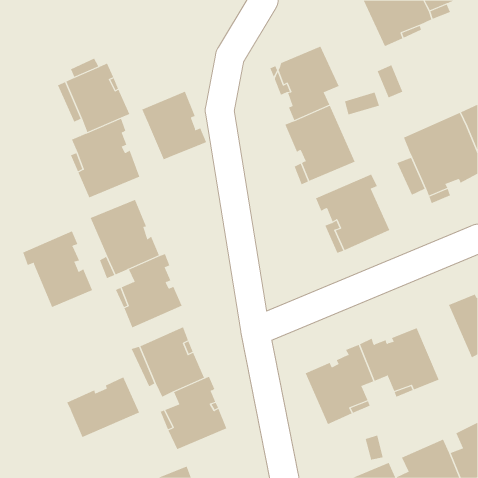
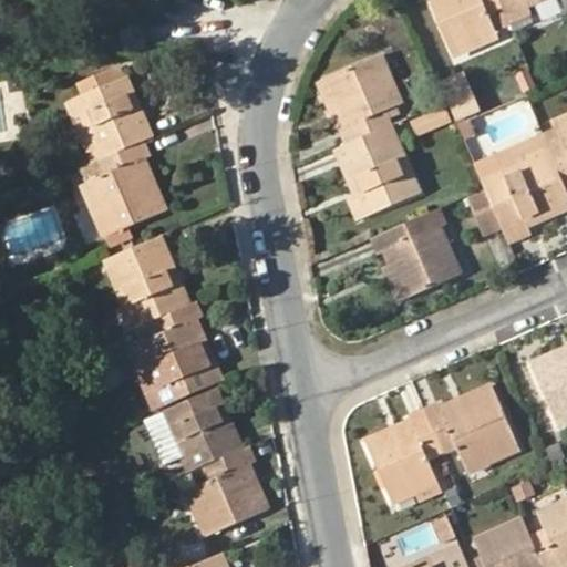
building: [141,91,207,160] -> none
building: [23,231,93,308] -> none
building: [66,377,140,438] -> none

